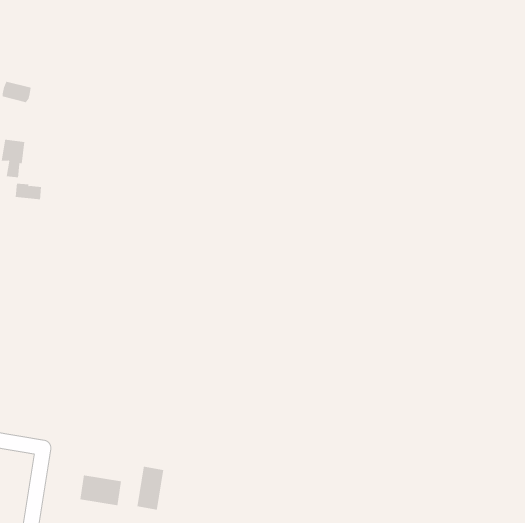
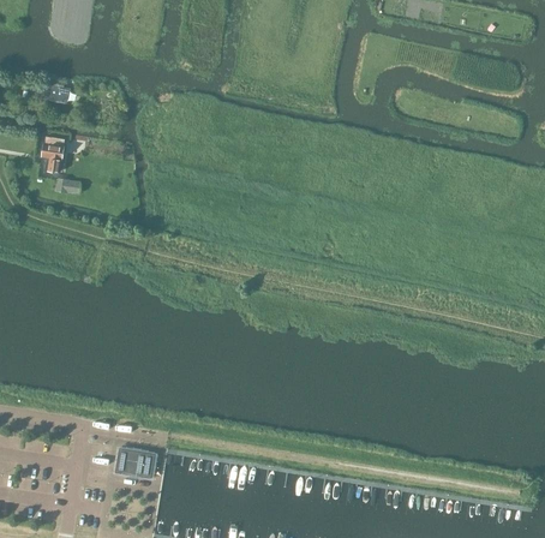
building: [137,466,164,510] -> none

